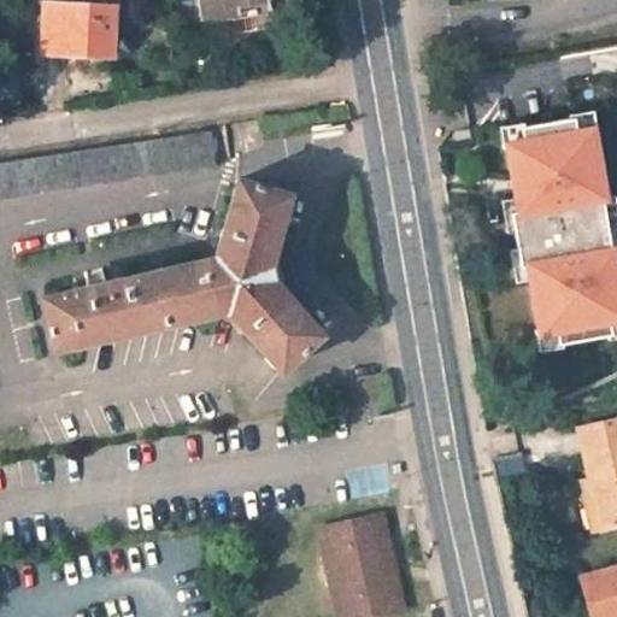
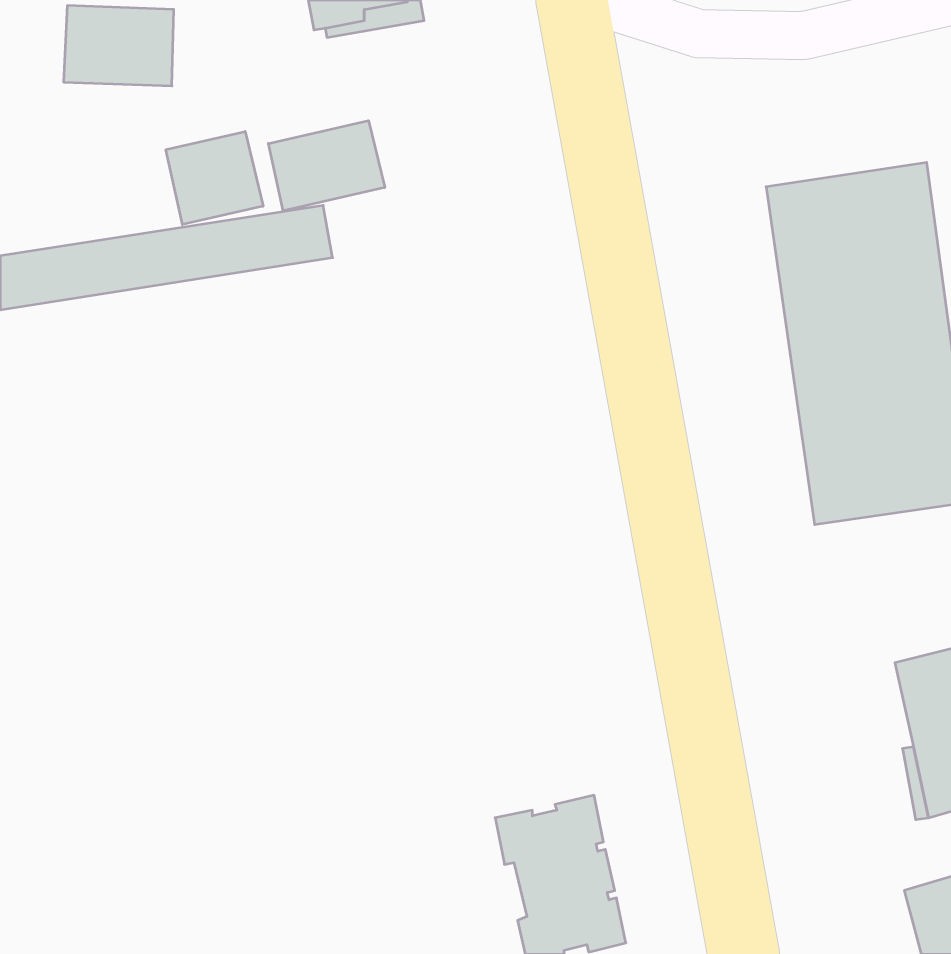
building: none -> [268,121,385,211]
building: none -> [166,131,263,225]
building: [43,180,323,371] -> none

